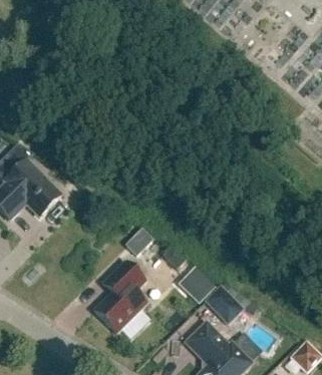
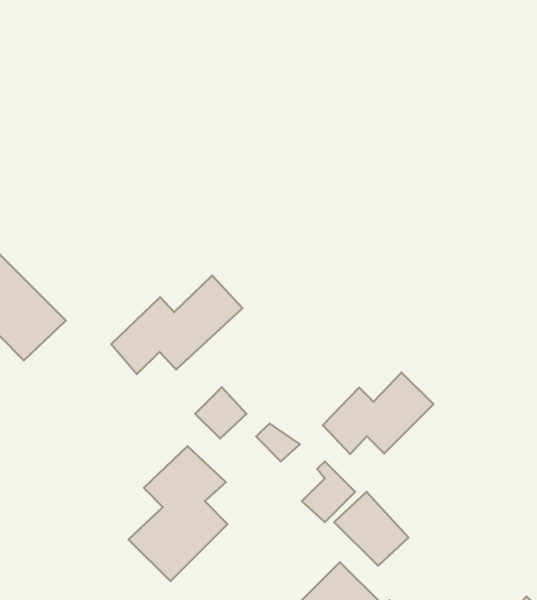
building: none -> [111,275,243,374]
building: none -> [323,373,433,454]

